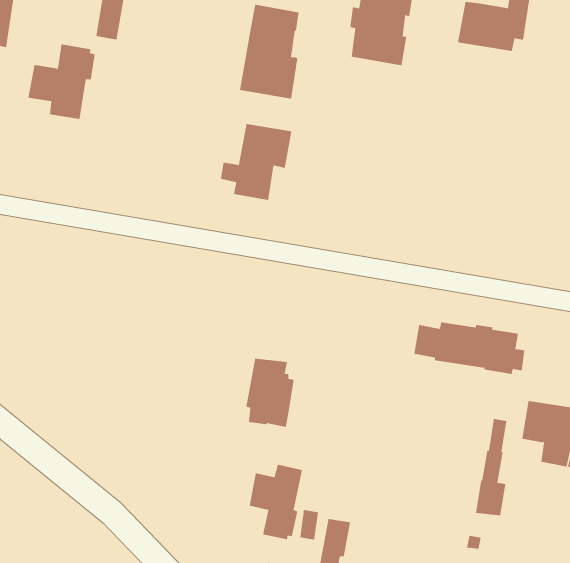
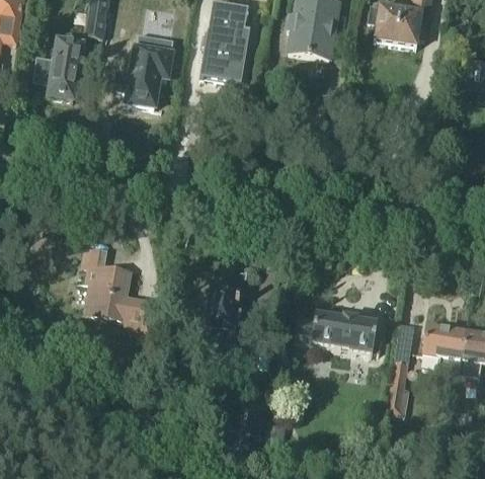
building: [220,124,292,201] -> [116,44,173,104]
building: none -> [82,244,160,339]
building: [413,322,525,375] -> [294,311,382,352]
building: [249,464,302,540] -> none

